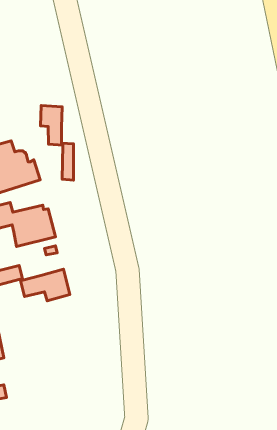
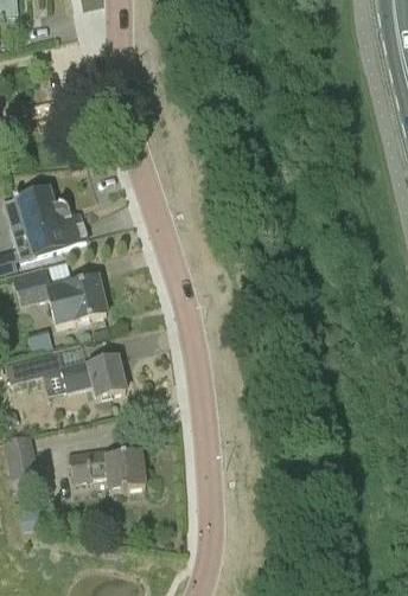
building: [41,106,73,180] -> none
building: none -> [69,447,146,491]

